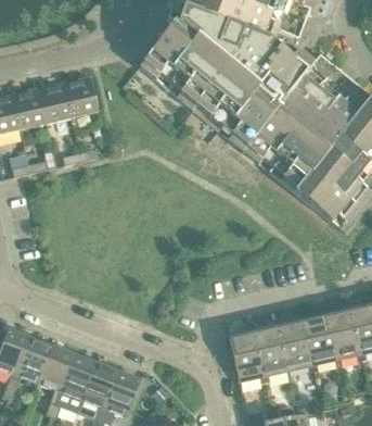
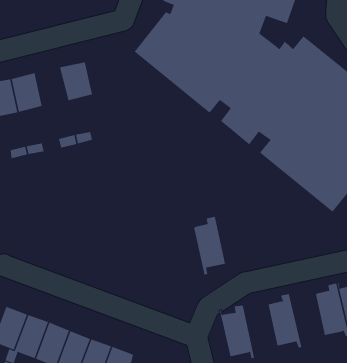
building: [38,82,72,122] -> none
building: [300,310,336,371] -> none
building: [253,321,287,381] -> [192,216,226,275]

